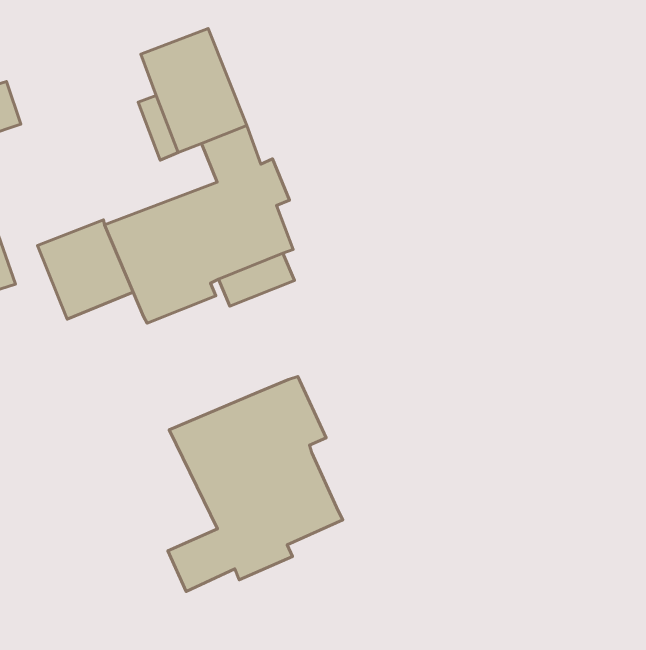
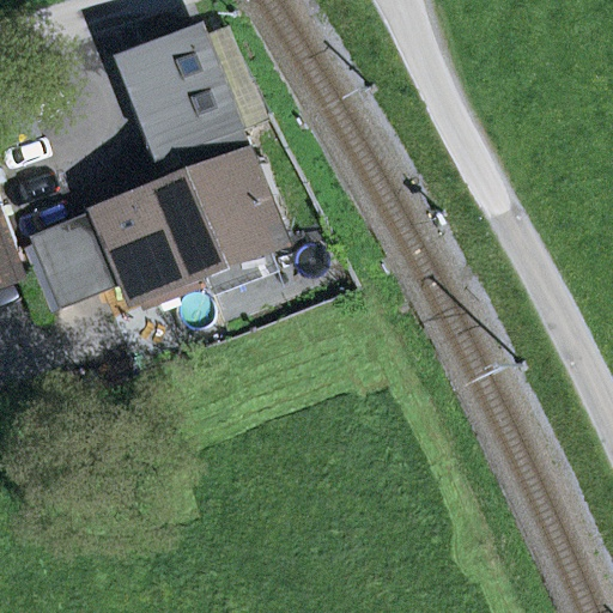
building: [168,376,343,591] -> none

